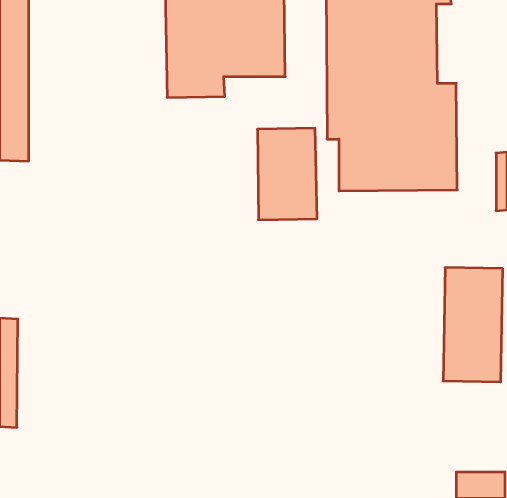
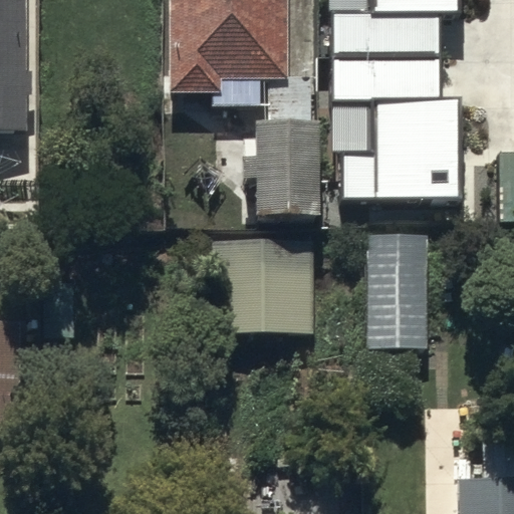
building: none -> [211,241,313,334]
building: [443,268,503,382] -> [364,232,425,347]

